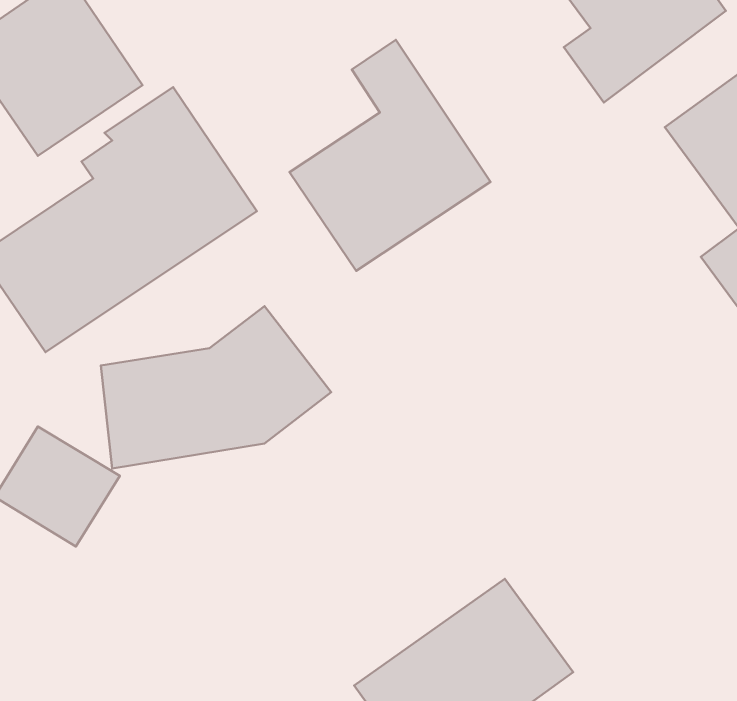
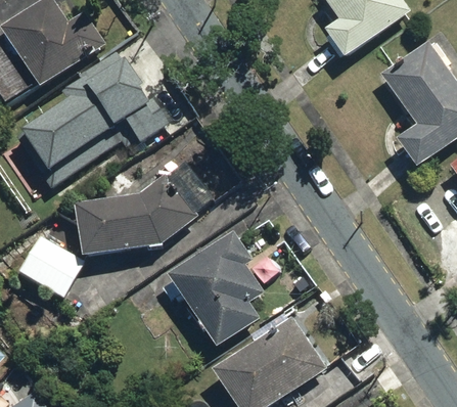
building: [290,40,490,271] -> none
building: none -> [168,230,265,348]

